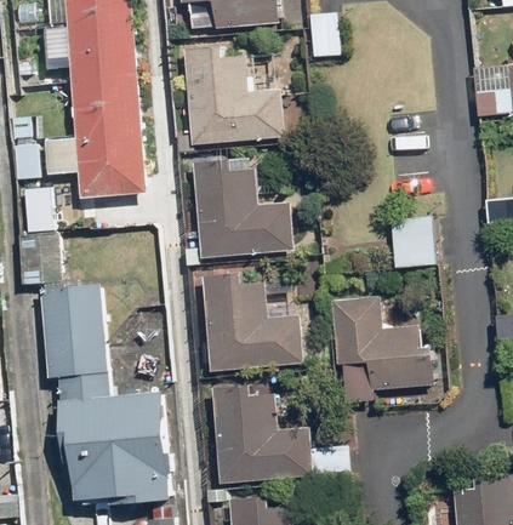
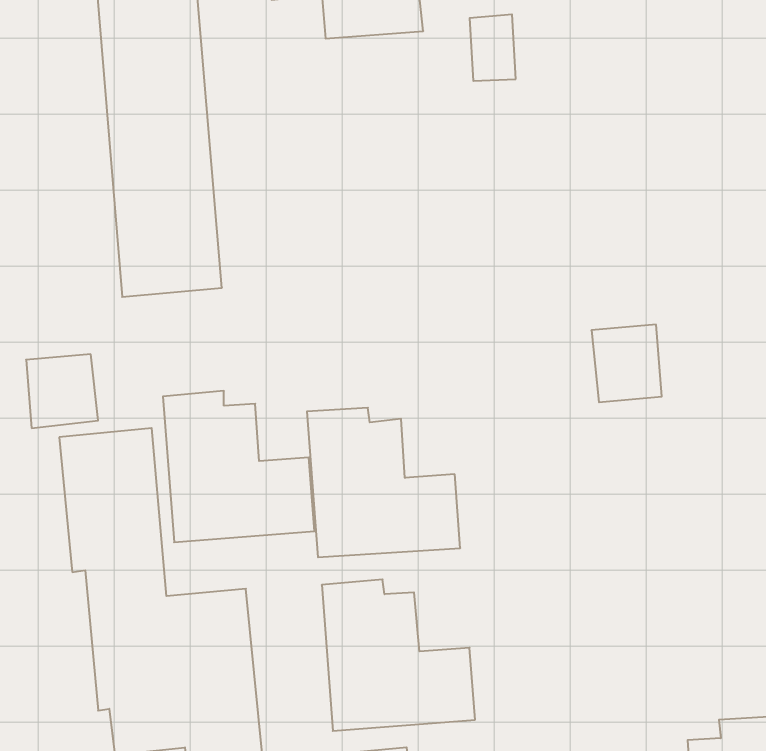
building: [184,46,284,145] -> none
building: [193,159,292,258] -> [163,391,314,542]
building: [331,297,434,389] -> none

